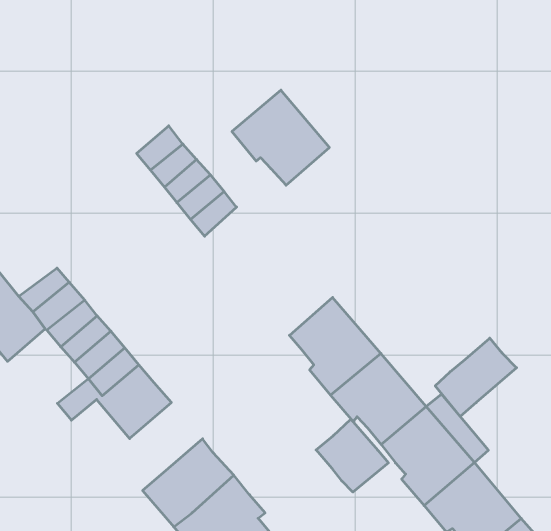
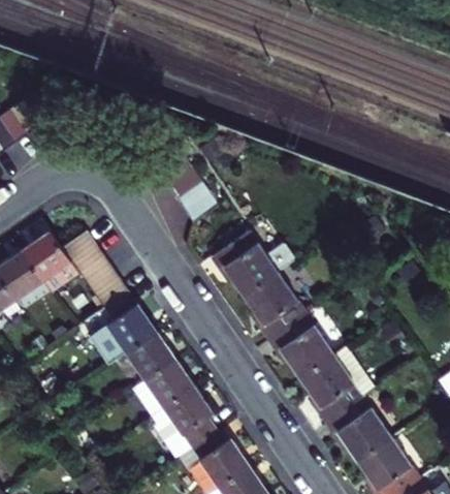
building: [232,90,329,185] -> [211,230,276,296]
building: [435,338,517,417] -> none
building: none -> [115,333,178,391]
building: [316,419,388,492] -> none

